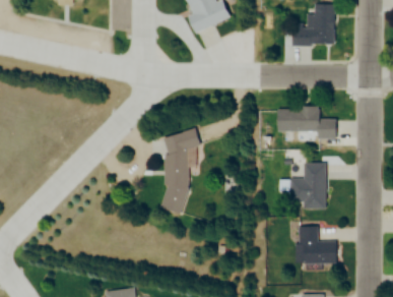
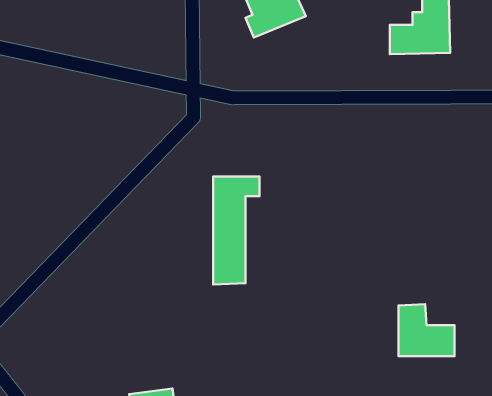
building: [277,107,336,137] -> none
building: [290,163,327,209] -> none

